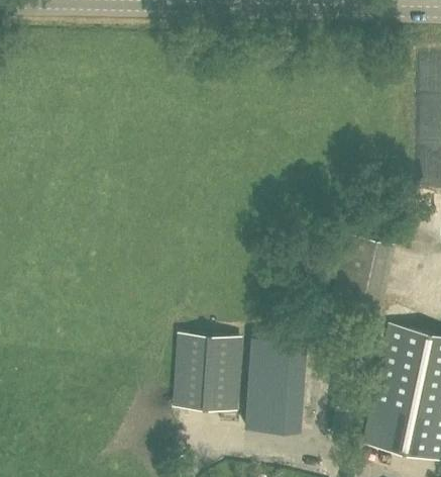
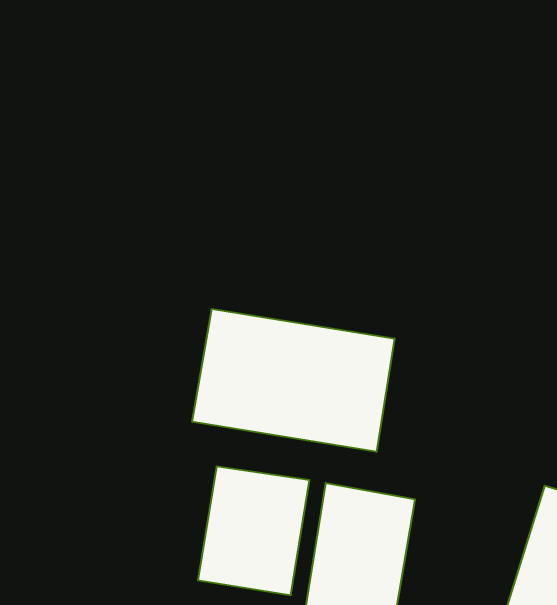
building: none -> [192,309,395,452]

